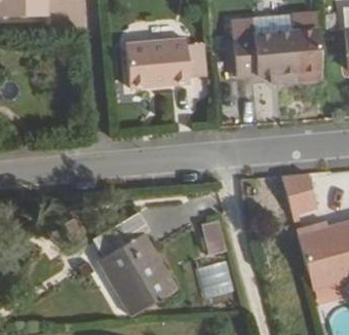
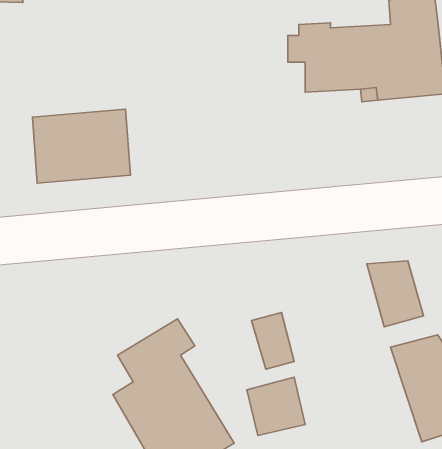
building: [125,38,189,86] -> [33,109,130,183]

